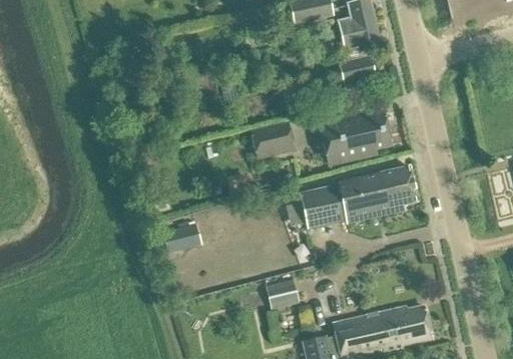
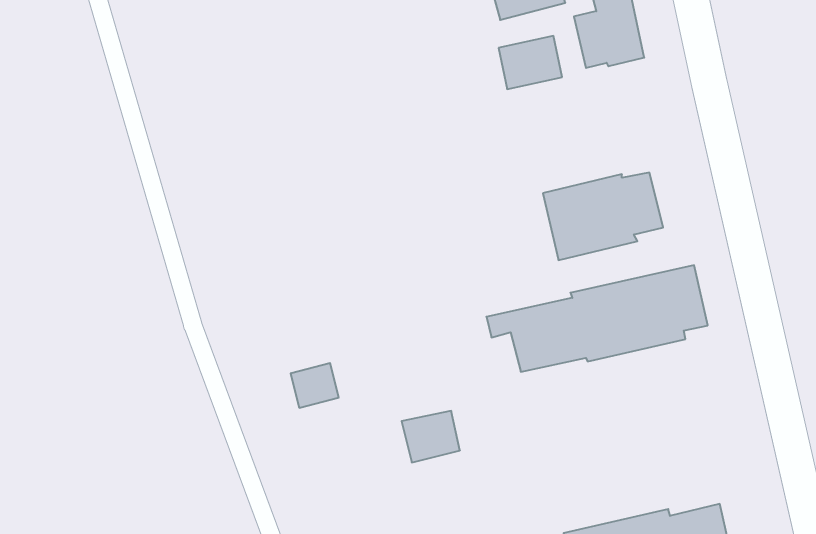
building: [339,54,376,85] -> [499,36,562,89]
building: [251,123,294,156] -> none
building: [266,279,300,309] -> [402,411,460,462]

